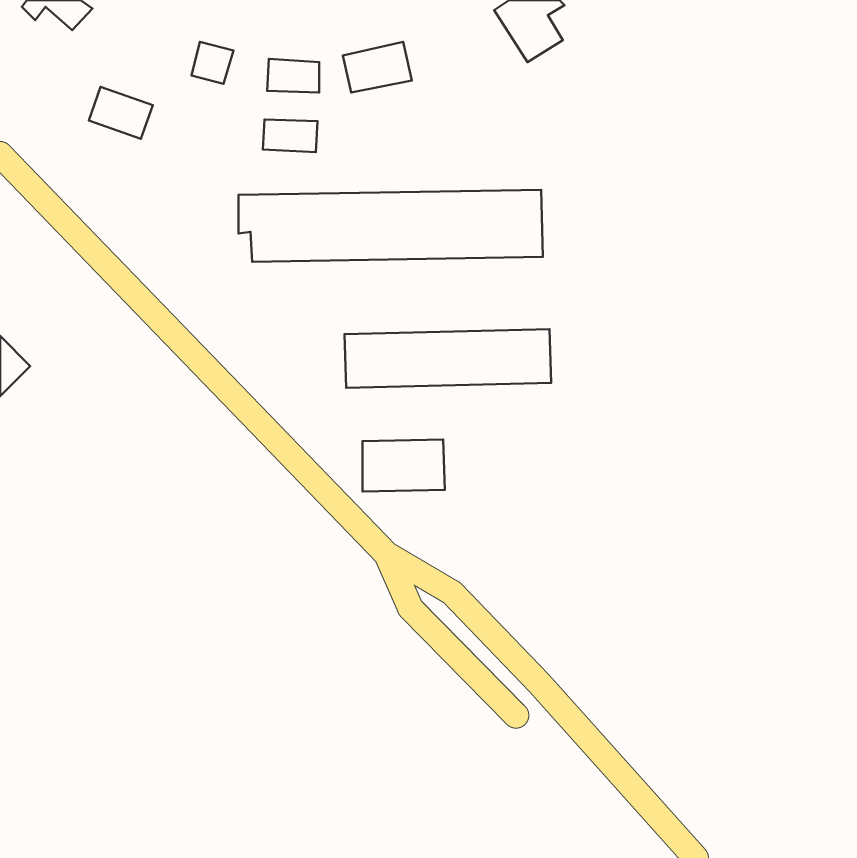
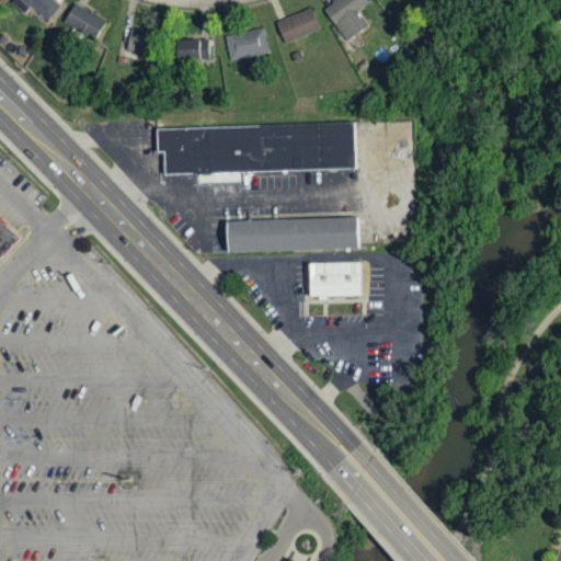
building: none -> [276,8,320,44]
building: [89,87,153,139] -> [64,4,105,38]
building: [263,120,317,152] -> none
building: [362,439,445,491] -> [309,261,363,295]

